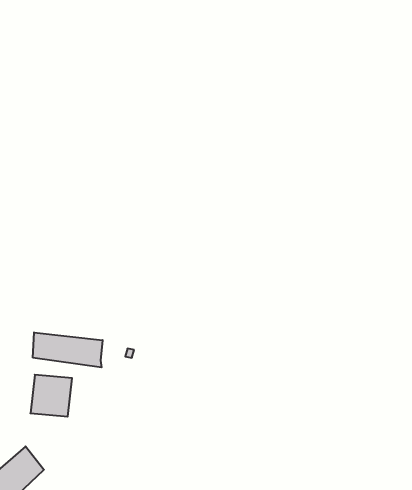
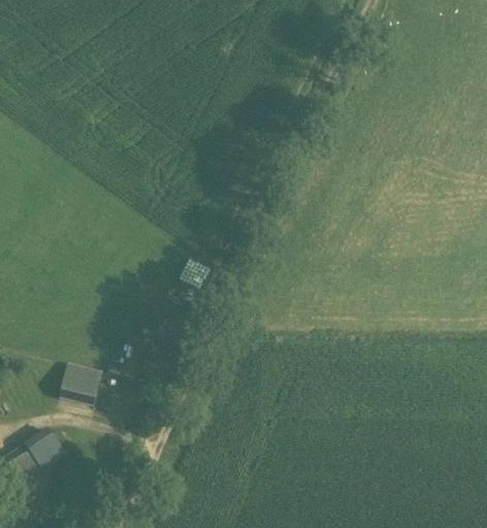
building: [33,332,103,367] -> none

